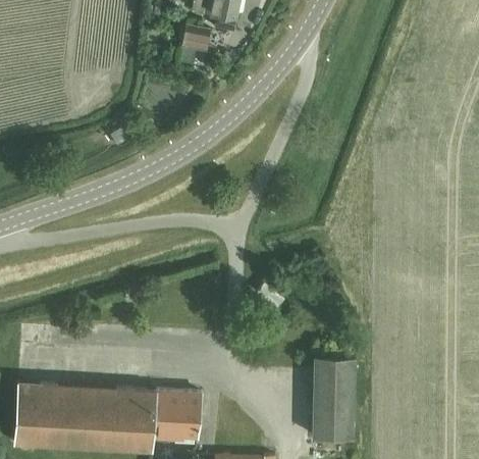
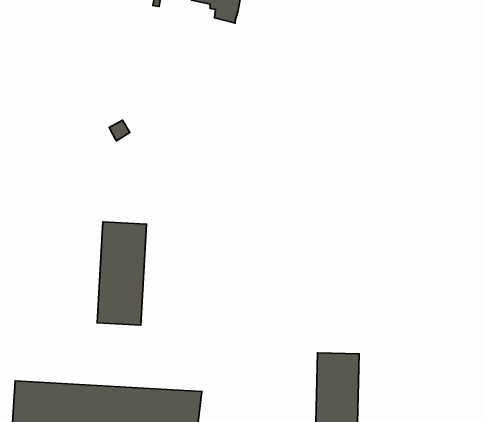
building: [181,28,210,53] -> none
building: none -> [97,222,147,325]

